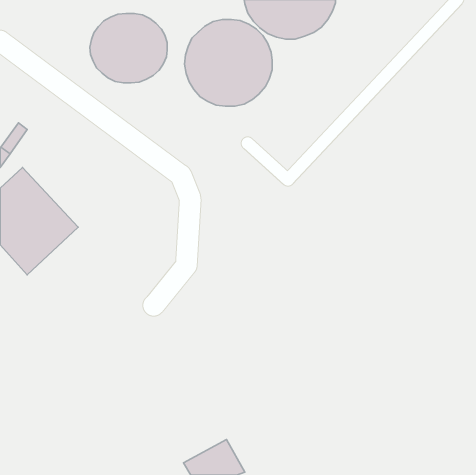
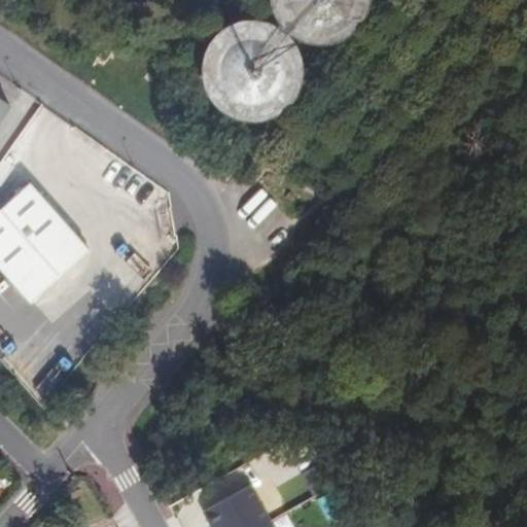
building: [90,13,167,83] -> none

